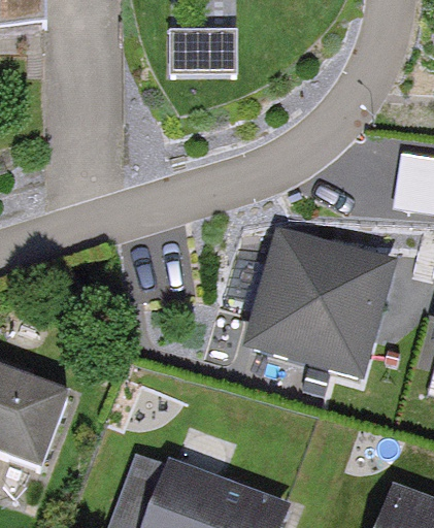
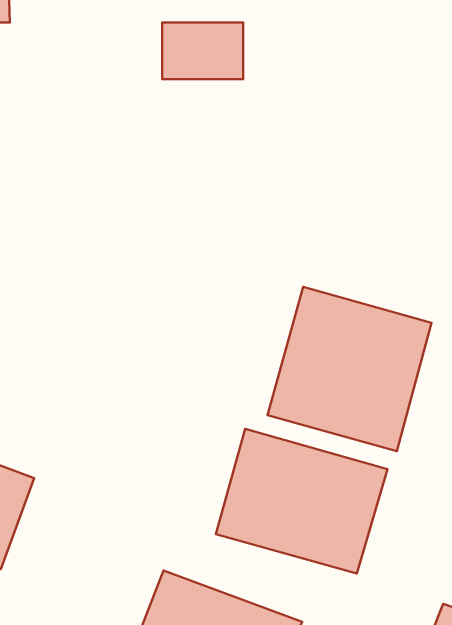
building: none -> [216,429,388,574]

